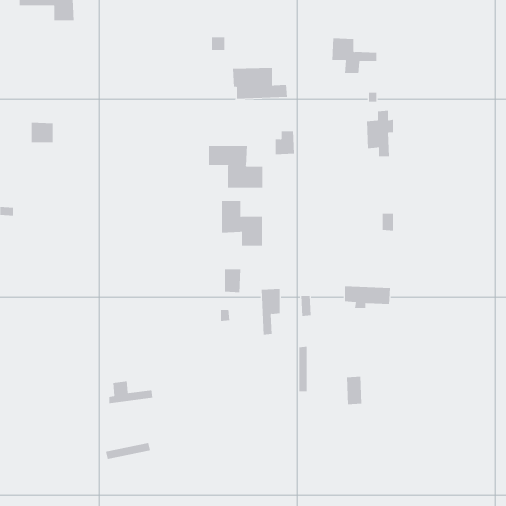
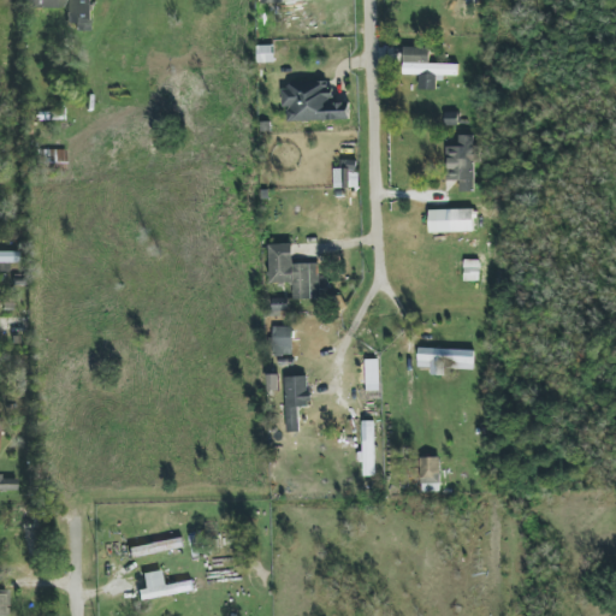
building: [209,145,263,189] -> none
building: none -> [428,208,472,231]
building: [261,289,281,335] -> [284,375,308,432]
building: [109,381,153,404] -> [137,570,191,598]

